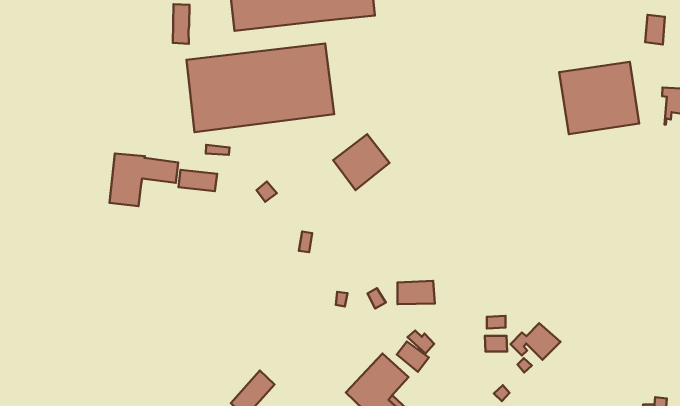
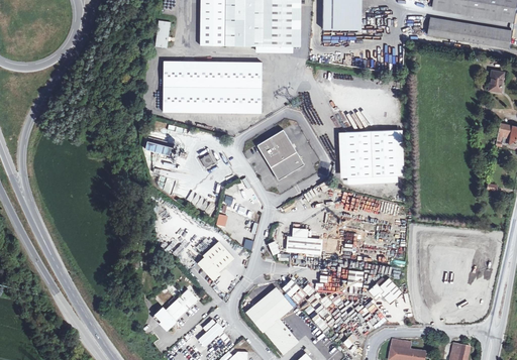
building: [559,62,639,134] -> [345,132,397,177]
building: [109,153,178,206] -> none
building: none -> [271,151,305,179]
building: none -> [196,239,232,277]

